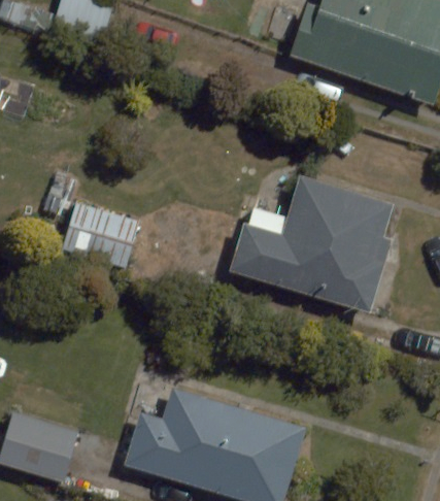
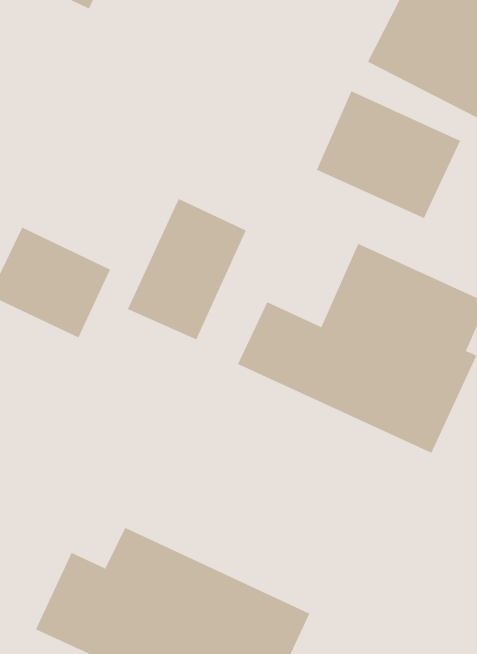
building: none -> [316,90,461,219]
building: none -> [127,198,247,340]

